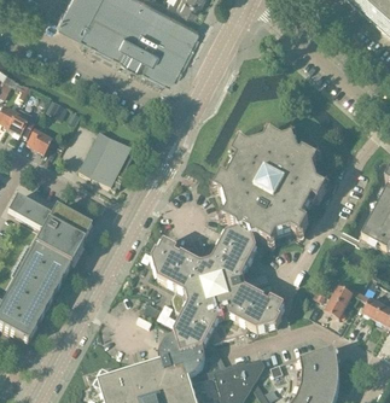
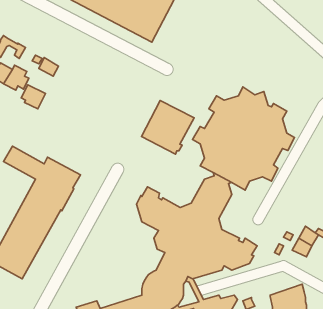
building: [77,130,135,189] -> [142,100,194,154]

